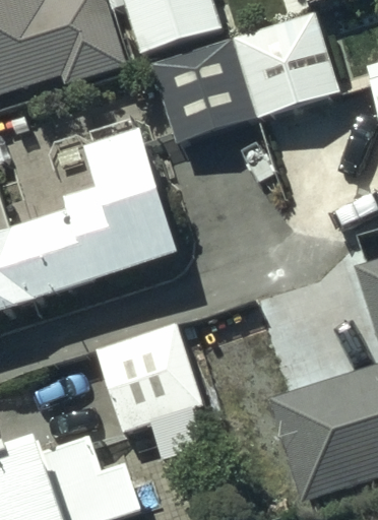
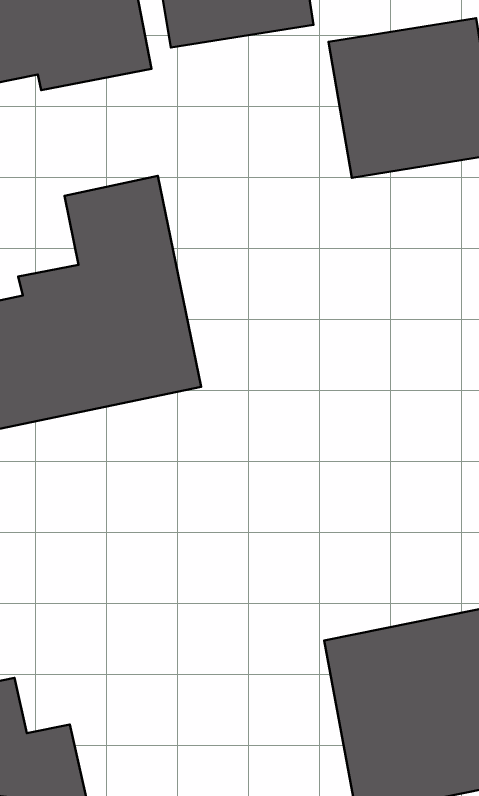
building: [151,36,255,140] -> none
building: [97,324,206,462] -> none

